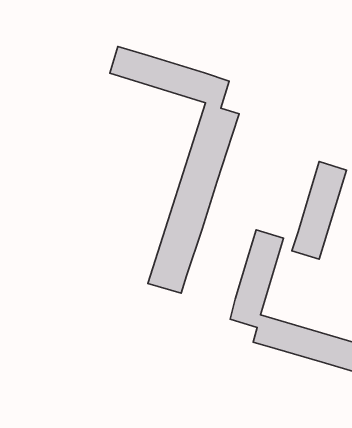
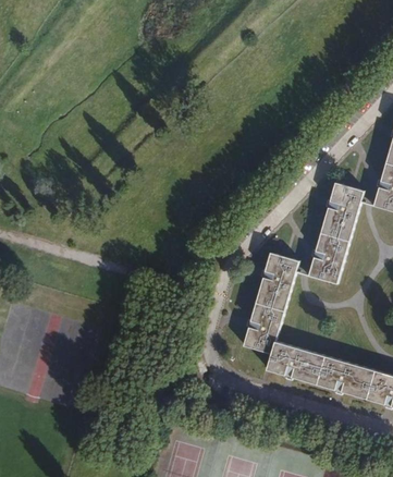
building: [110,46,239,293] -> none

